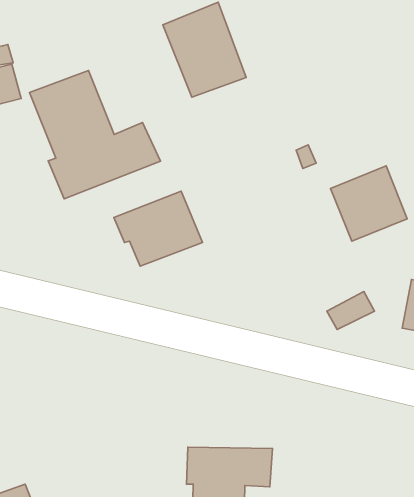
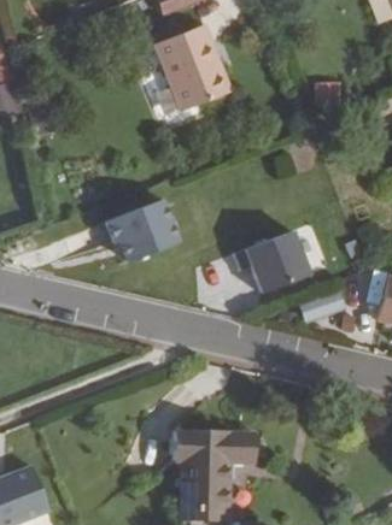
building: [30,70,160,199] -> none
building: [331,166,407,241] -> [245,232,315,301]

